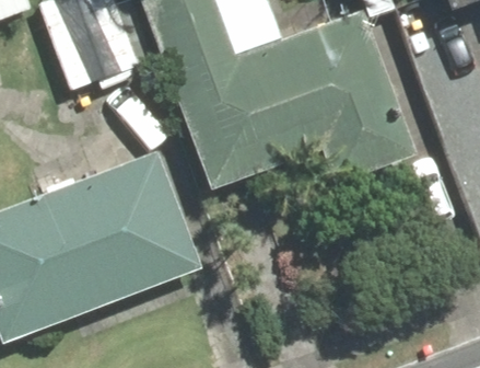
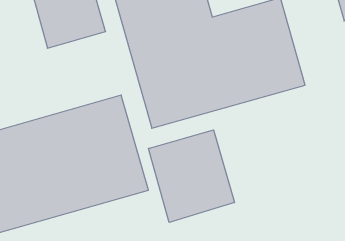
building: none -> [148,130,234,222]

